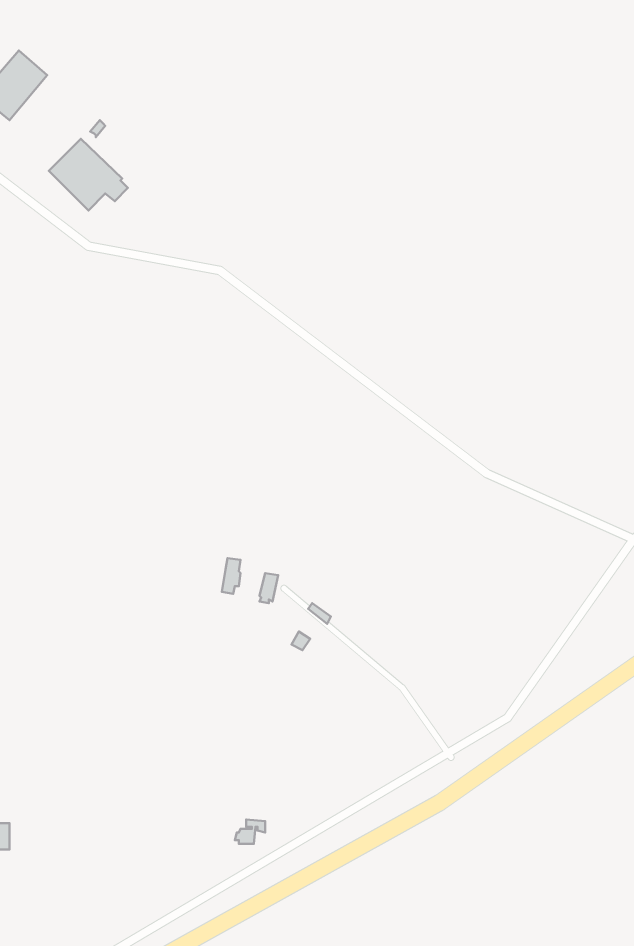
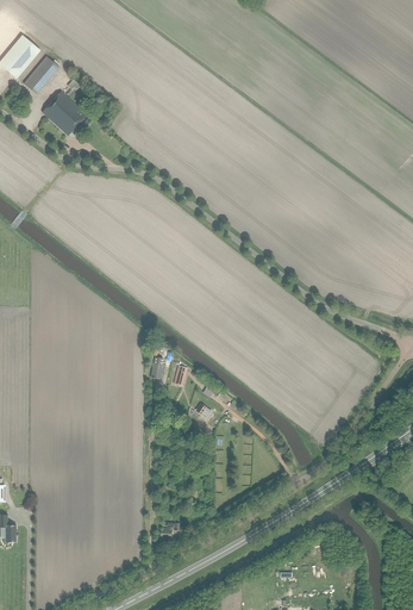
building: none -> [23,55,58,93]

